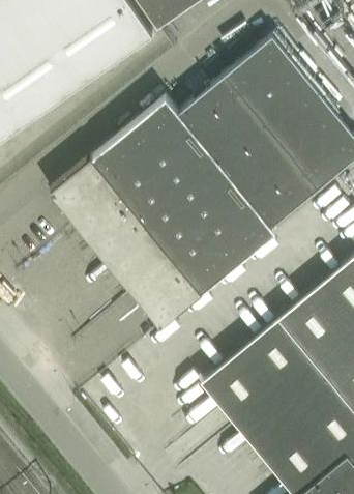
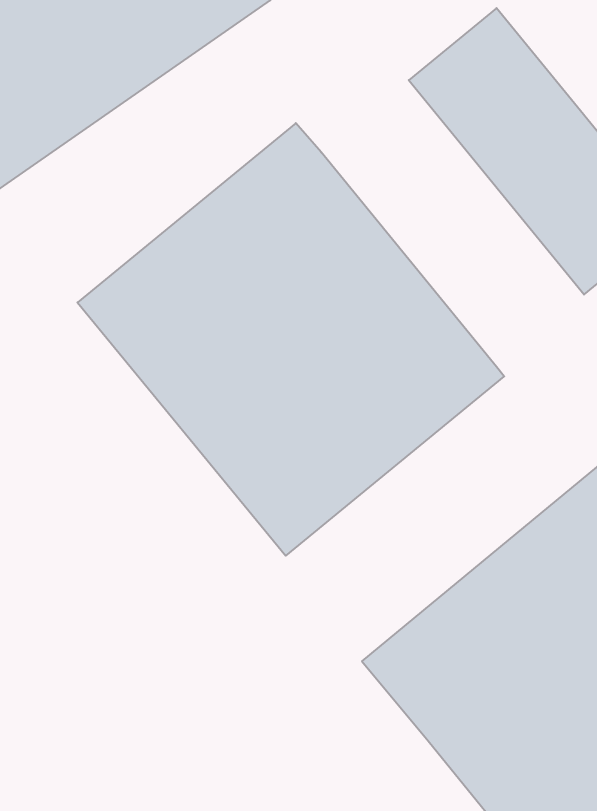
building: [180,75,320,227] -> none

